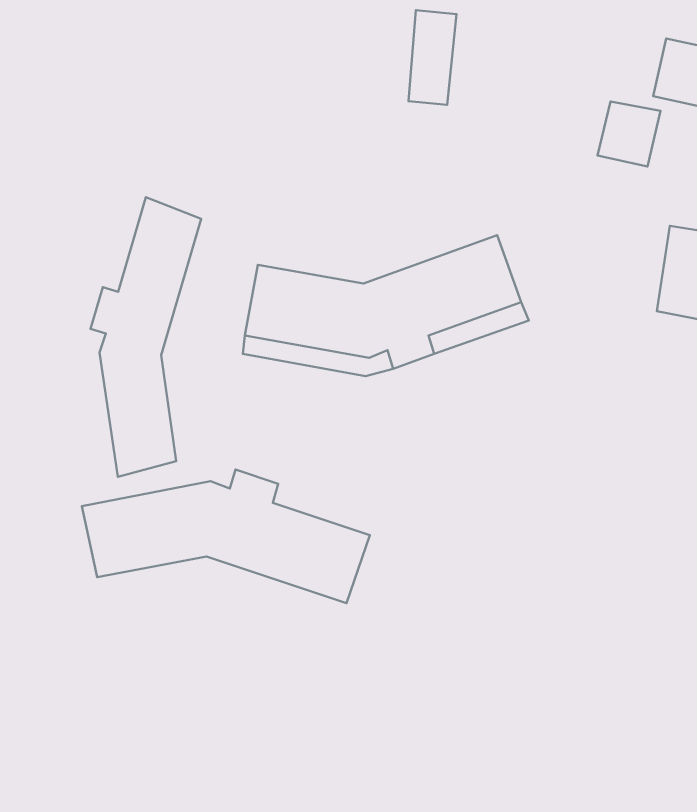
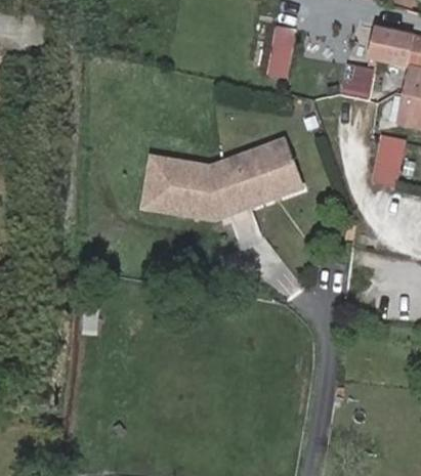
building: [408,10,457,105] -> [269,25,296,77]
building: [90,197,201,477] -> none
building: [82,470,370,603] -> none

